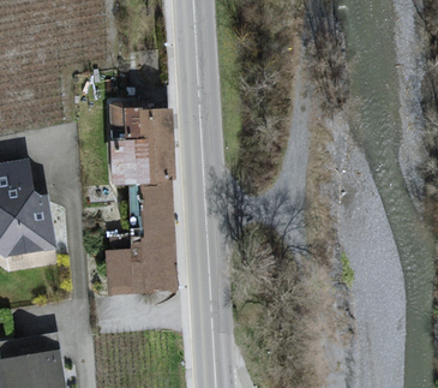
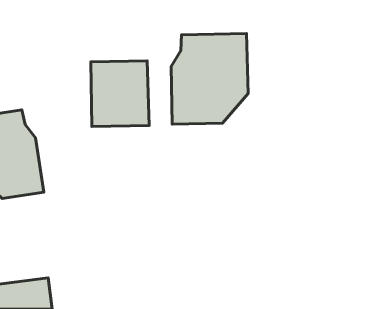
building: none -> [171,34,248,124]
building: [108,184,175,292] -> none

